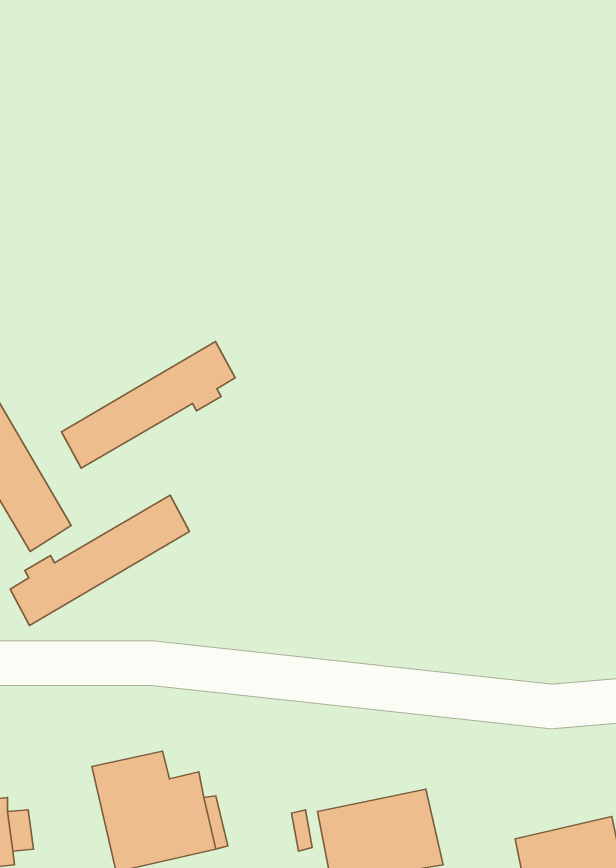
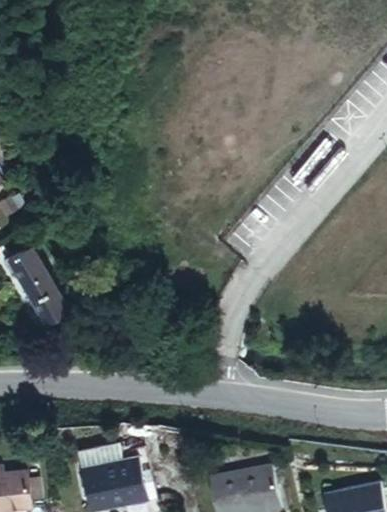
building: [62,341,235,468] -> none
building: [10,495,190,625] -> none

